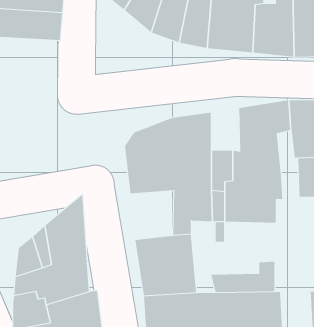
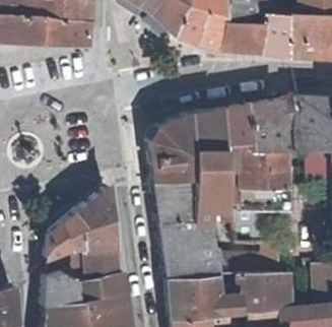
building: none -> [226,104,252,143]
building: none -> [152,179,192,223]

